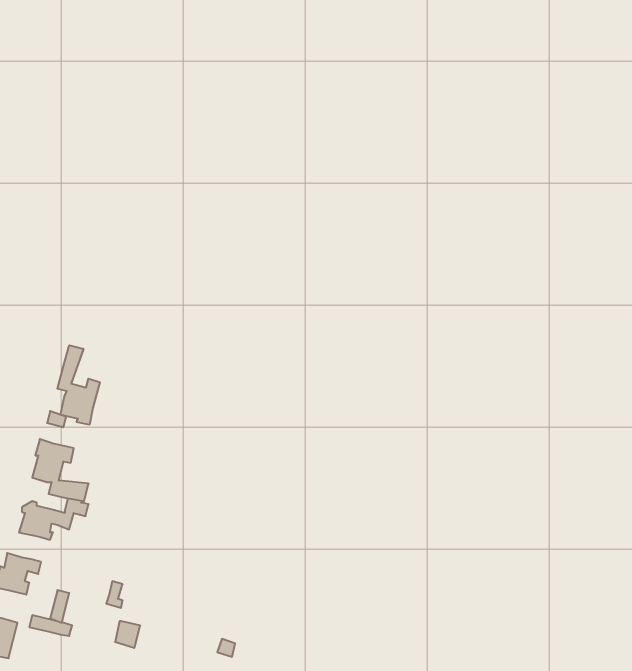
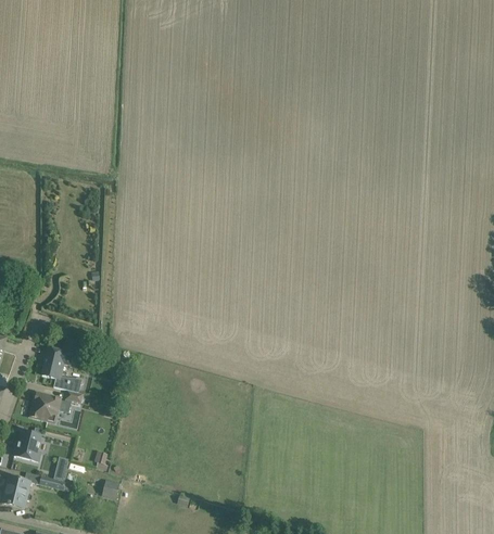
building: [57,345,100,425] -> none

